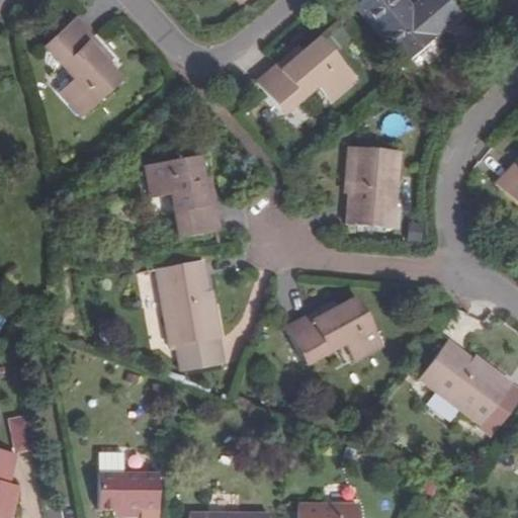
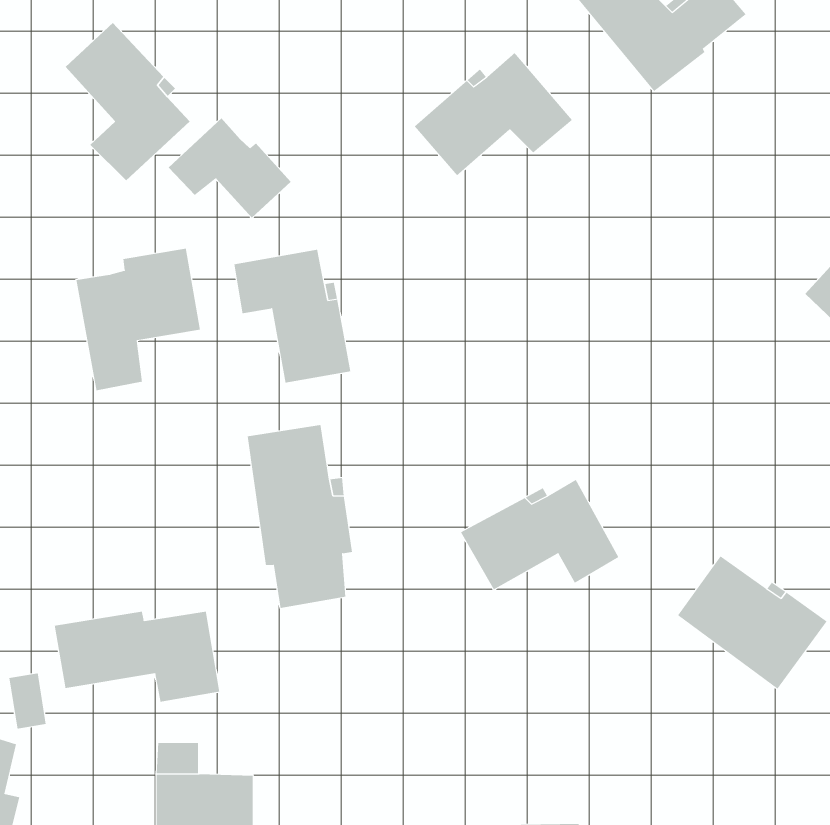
building: none -> [168,118,292,219]
building: [350,147,404,225] -> none
building: none -> [76,248,201,391]
building: none -> [54,611,220,702]

